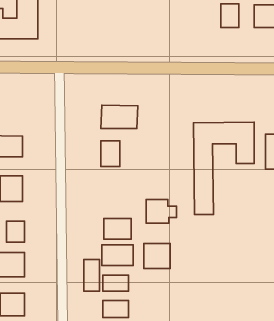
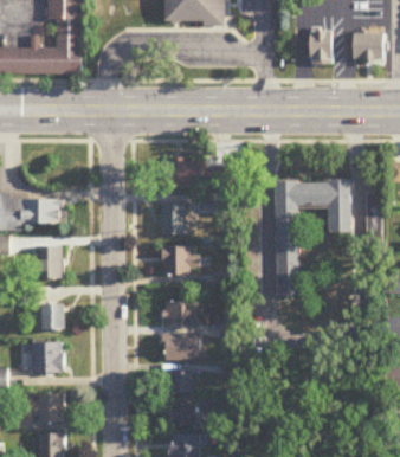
building: [146,200,176,223] -> [162,244,200,273]
building: [144,244,170,268] -> none
building: [84,260,99,291] -> none

